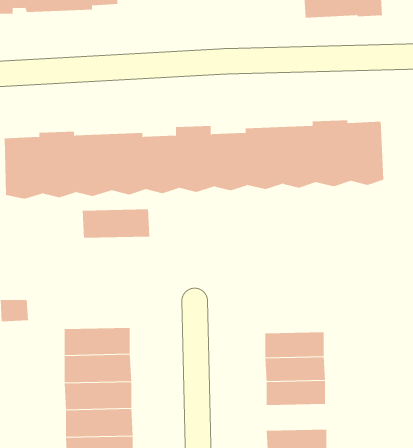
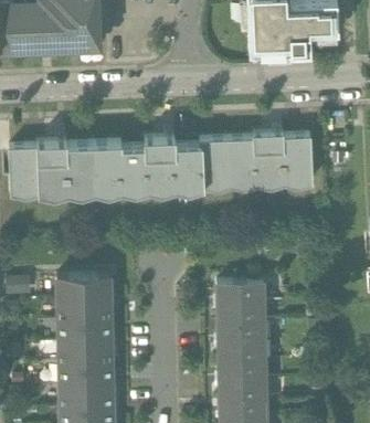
building: [82,209,150,238] -> [57,278,112,302]
building: none -> [218,284,265,305]
building: none -> [219,361,267,382]

